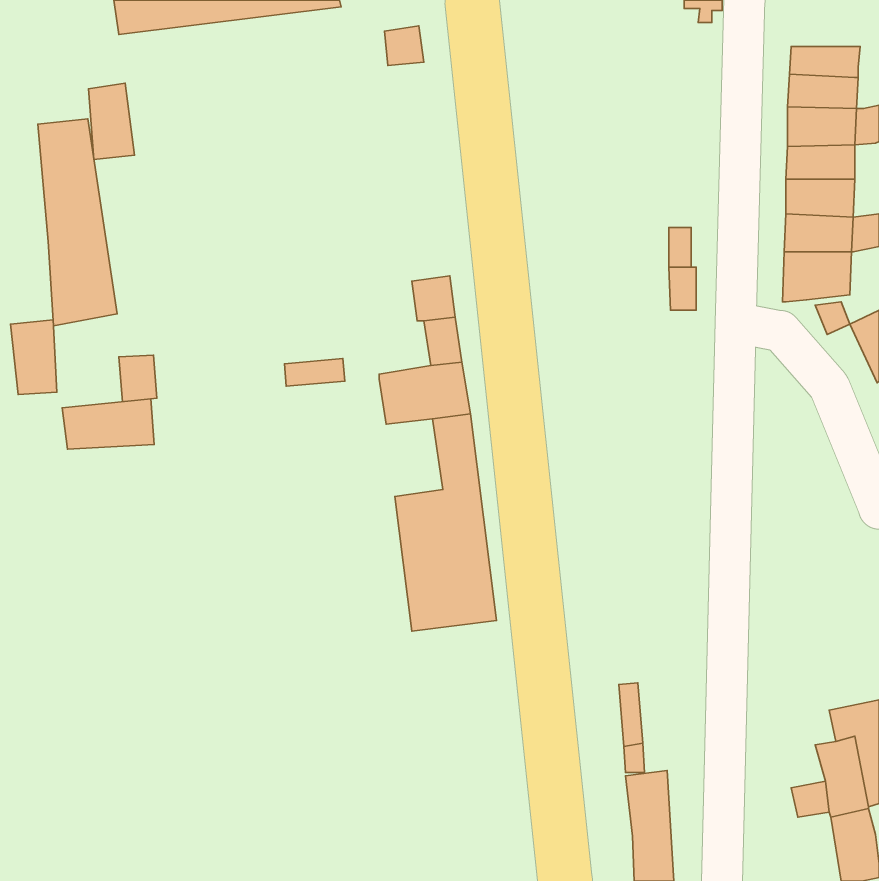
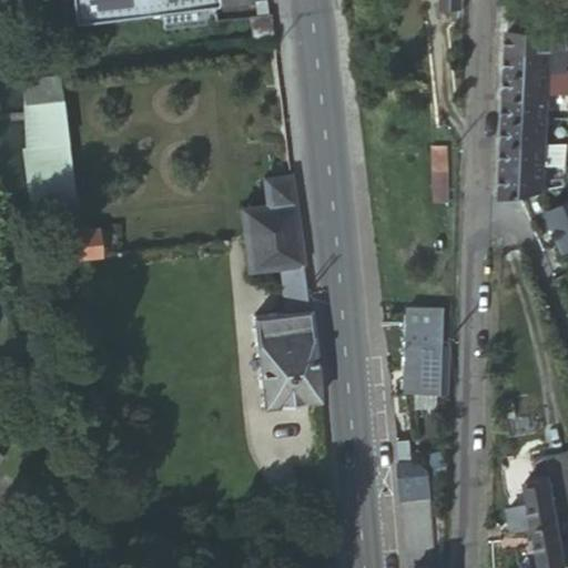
building: [88,83,135,159] -> none
building: [11,320,57,394] -> none
building: none -> [241,206,277,241]
building: [62,399,154,449] -> none
building: none -> [407,304,443,393]

